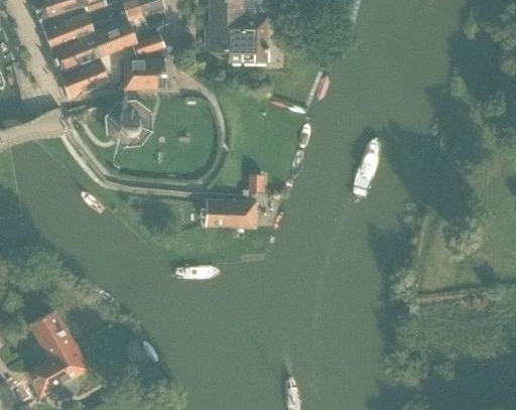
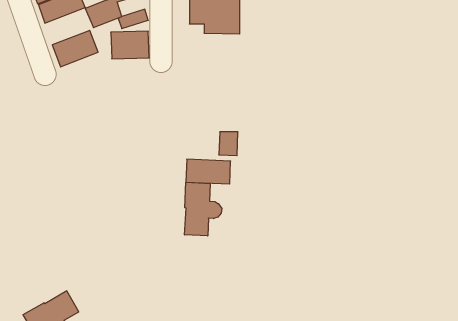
building: [51,33,105,73] -> none
building: [115,109,143,137] -> none
building: none -> [185,182,222,236]
building: [31,309,76,359] -> none

